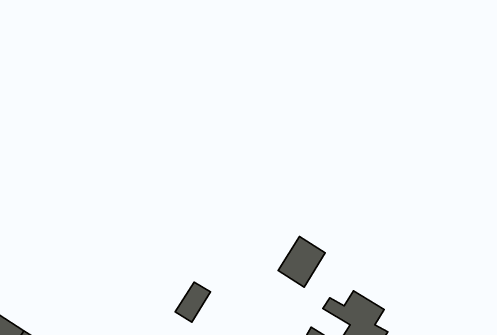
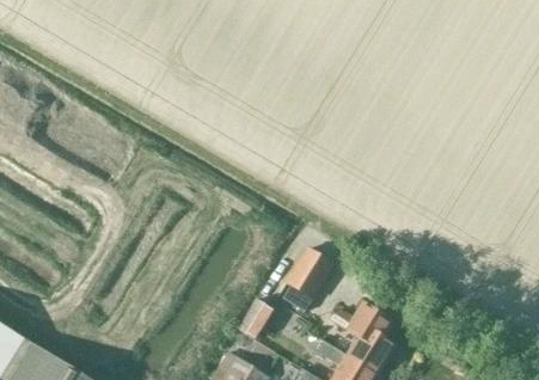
building: [175,282,211,322] -> [235,298,271,338]

